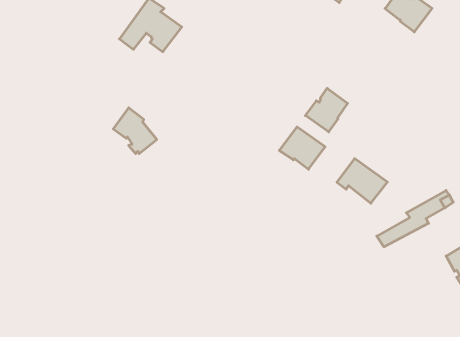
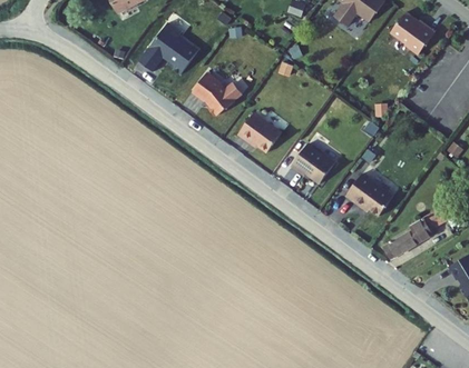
building: [305,88,348,132] -> none
building: none -> [240,111,283,152]
building: [113,108,157,154] -> [194,71,235,115]

